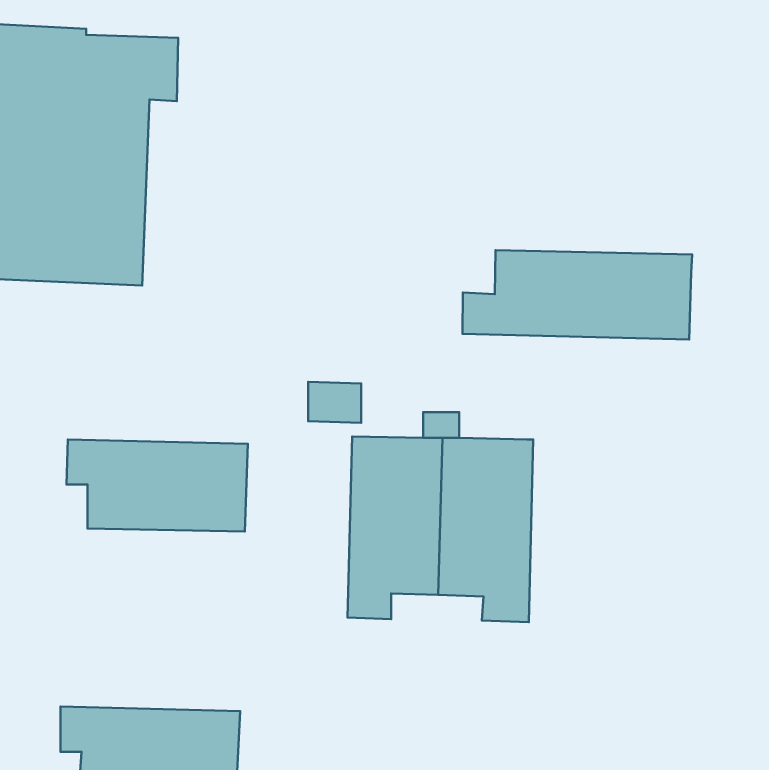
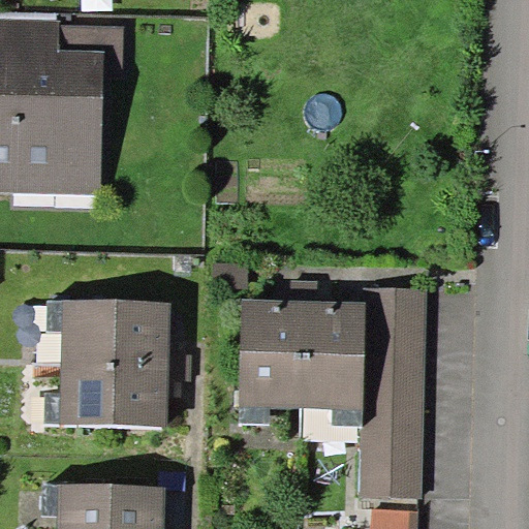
building: [462,250,692,339] -> none
building: none -> [360,288,425,499]
building: none -> [42,363,167,428]

